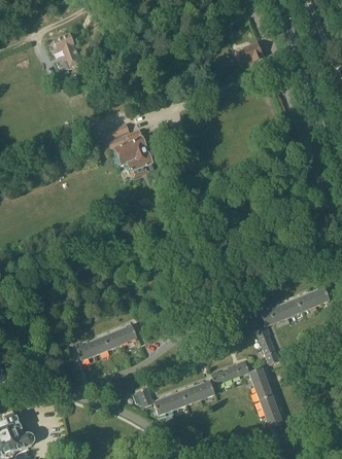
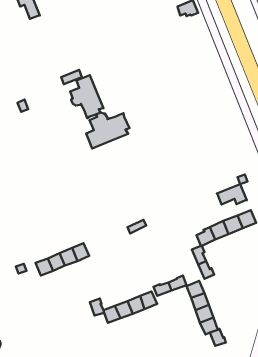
building: none -> [86,113,130,148]
building: none -> [217,184,247,204]

